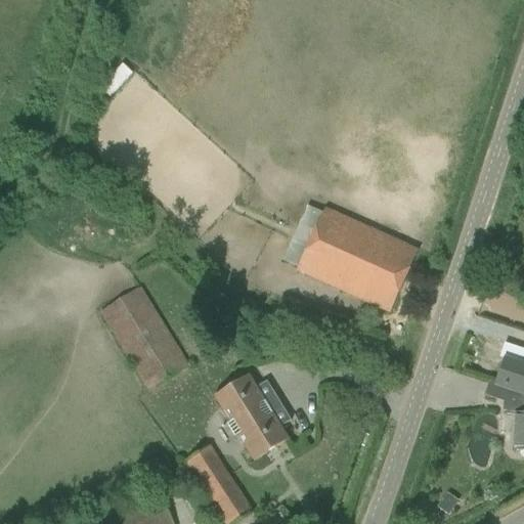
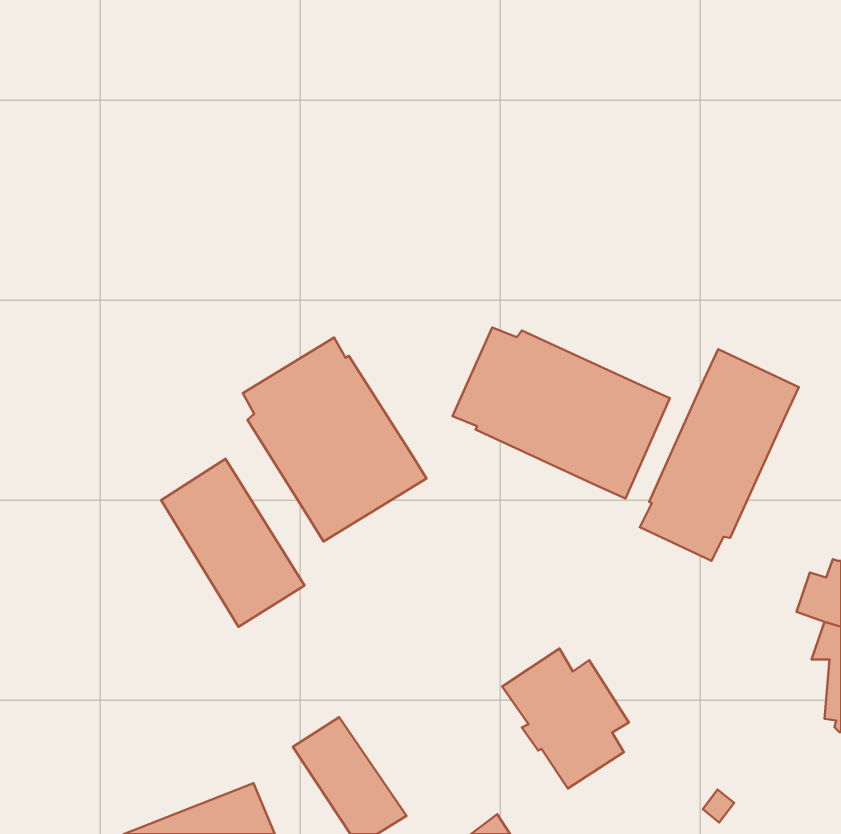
building: none -> [243,337,427,542]
building: none -> [640,349,799,561]
building: [212,373,291,460] -> [502,649,629,788]

